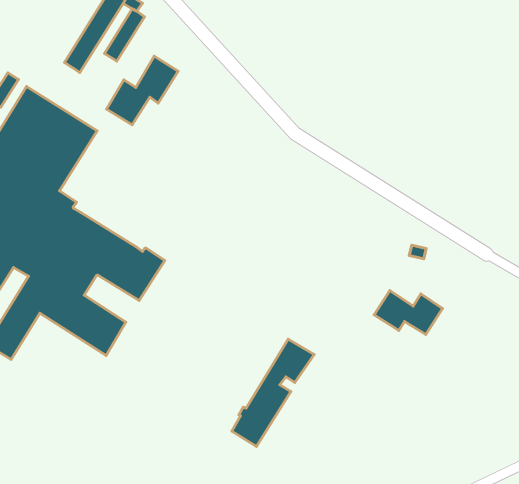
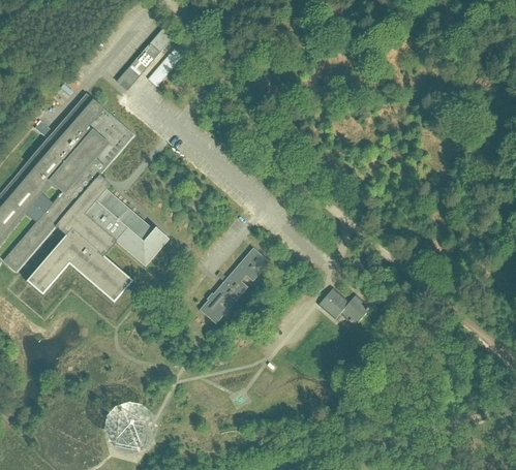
building: [107,56,178,125] -> none
building: [232,339,314,447] -> [200,248,270,324]

